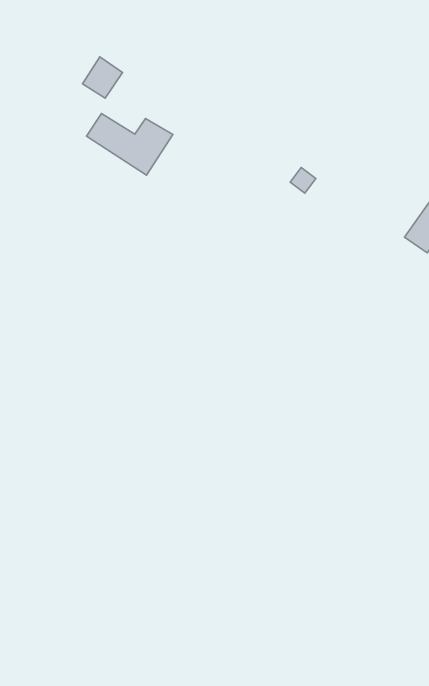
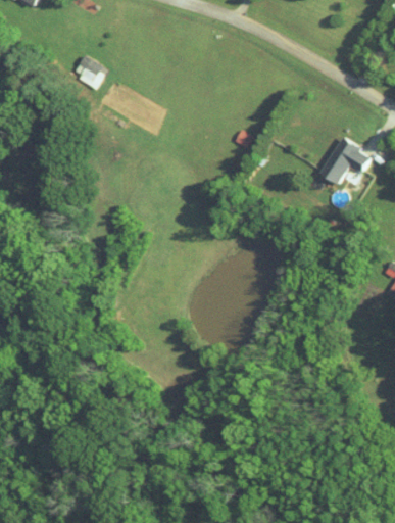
building: [86,113,173,175] -> none

